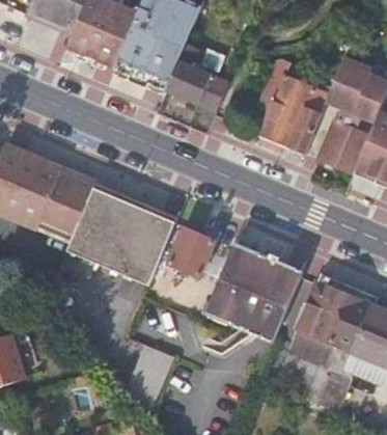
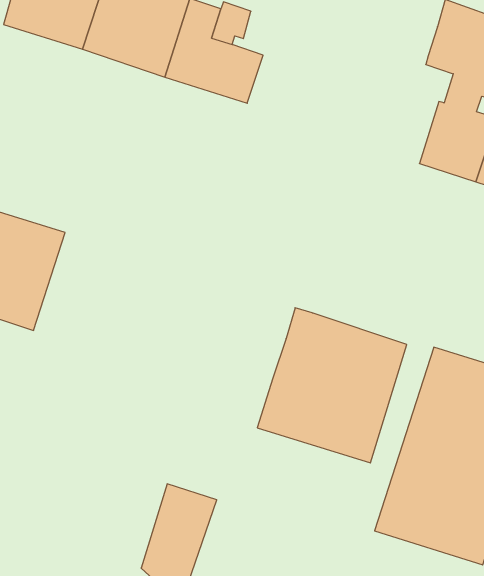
building: [257,59,331,151] -> none
building: [66,183,177,284] -> none
building: [167,227,227,284] -> none

